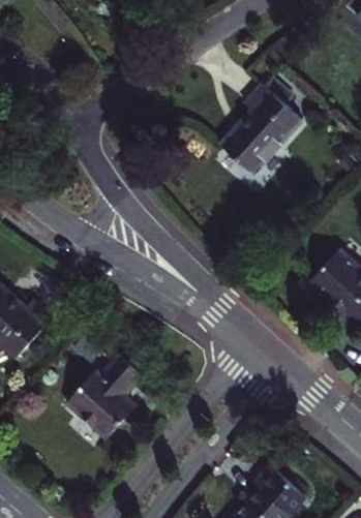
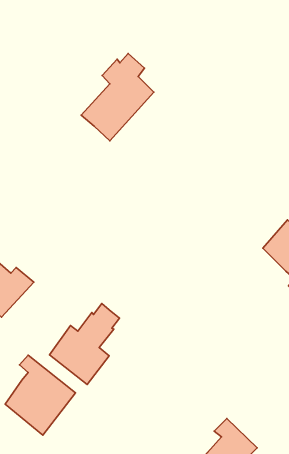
building: [218,78,300,176] -> [81,54,154,141]
building: none -> [5,355,75,435]

